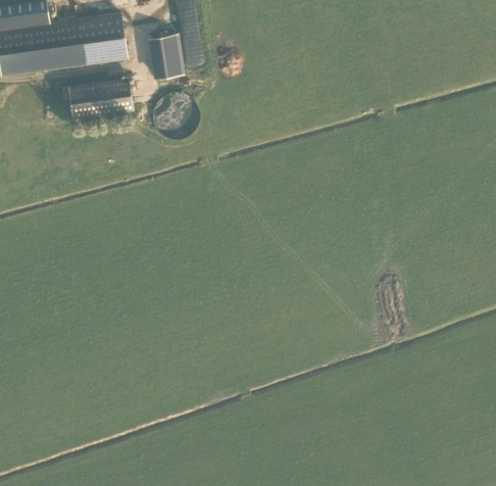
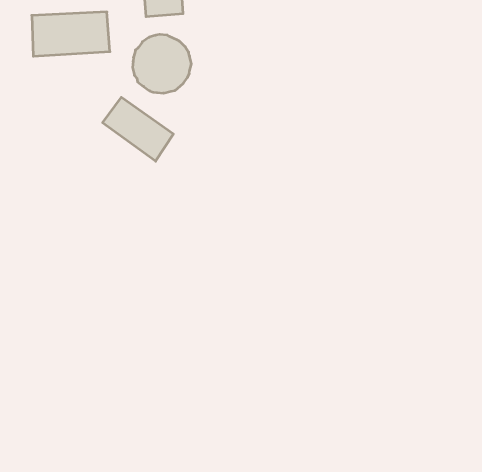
building: none -> [103,97,173,161]

